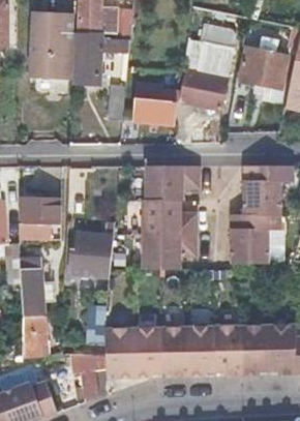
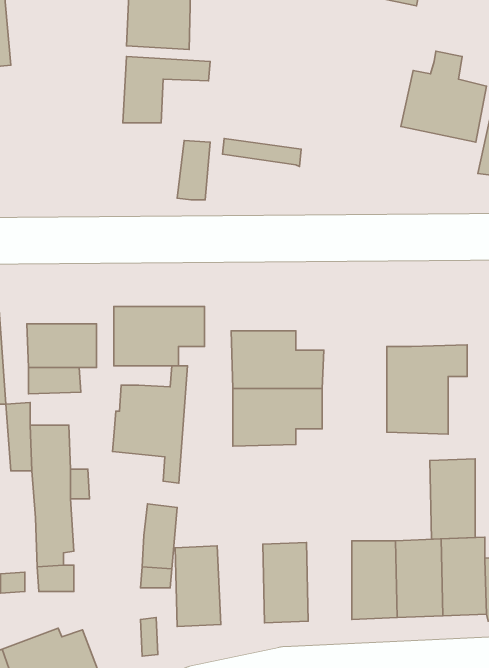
building: [29,17,73,80] -> none
building: [181,33,235,110] -> none
building: [130,98,177,127] -> none
building: [243,167,287,212] -> none
building: [142,168,196,203] -> [114,306,205,366]
building: [183,327,210,374] -> [430,459,475,539]
building: [130,329,158,377] -> none

